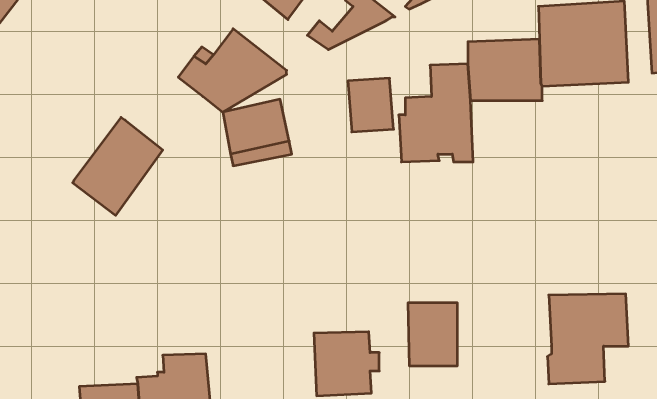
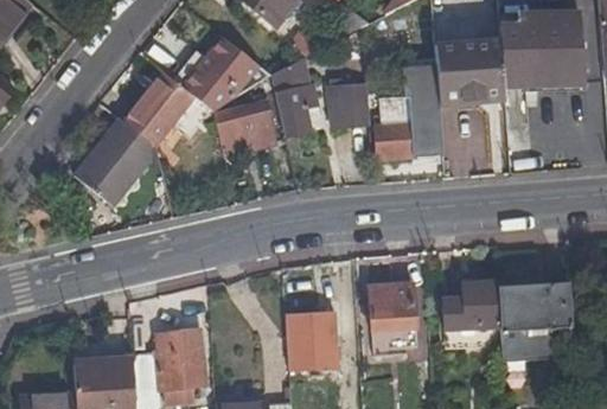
building: none -> [269,57,317,128]
building: none -> [122,72,193,146]
building: none -> [447,277,510,326]

